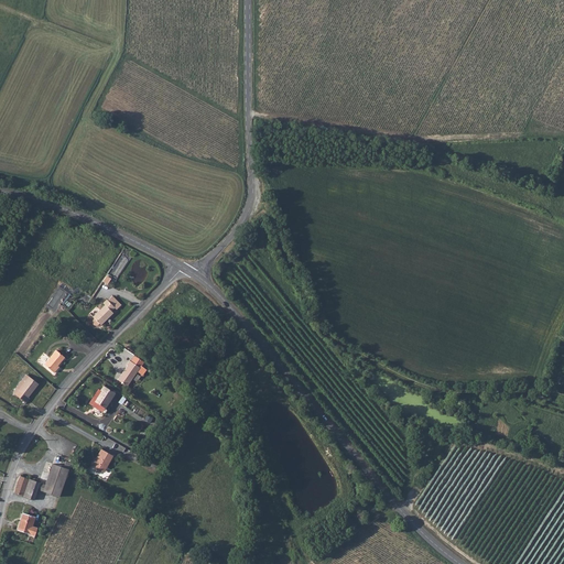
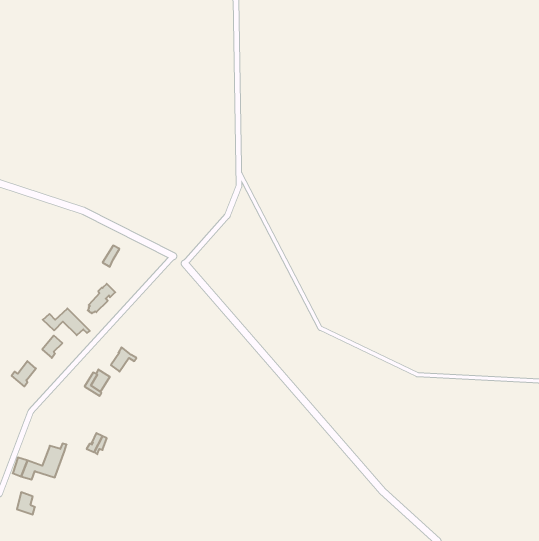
building: none -> [43,308,90,335]

